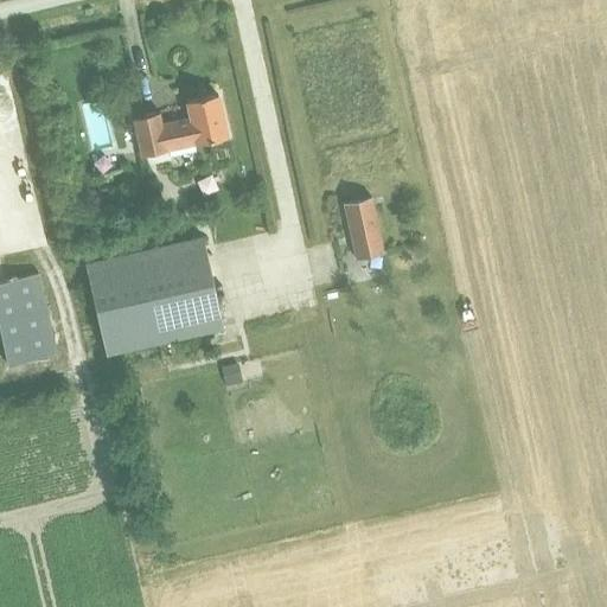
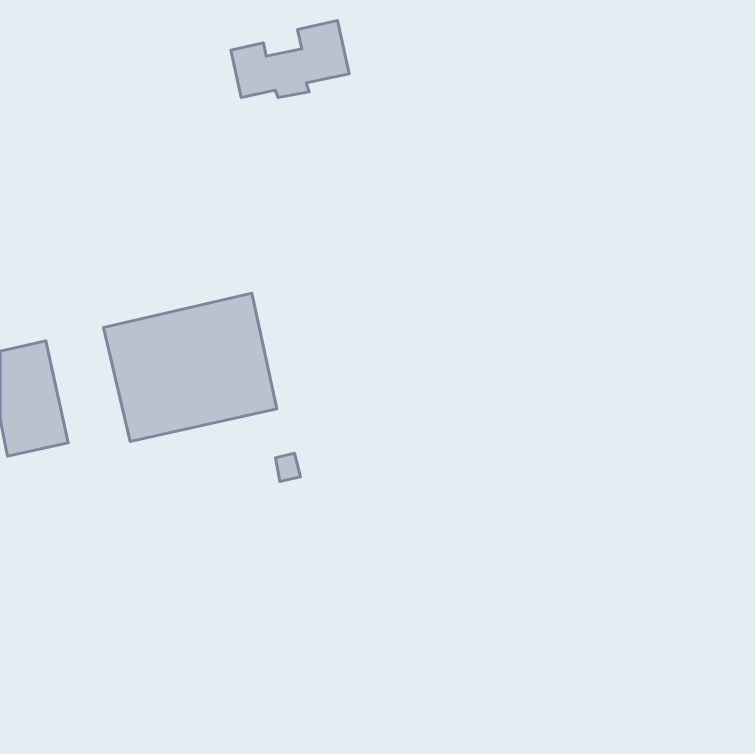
building: [133,96,228,158] -> [231,21,349,98]
building: [344,198,384,260] -> none

